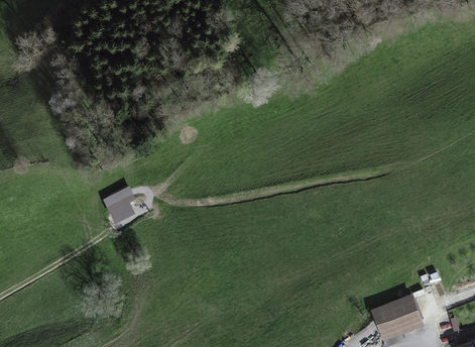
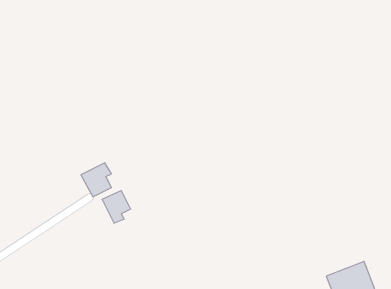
building: none -> [102,191,131,223]

